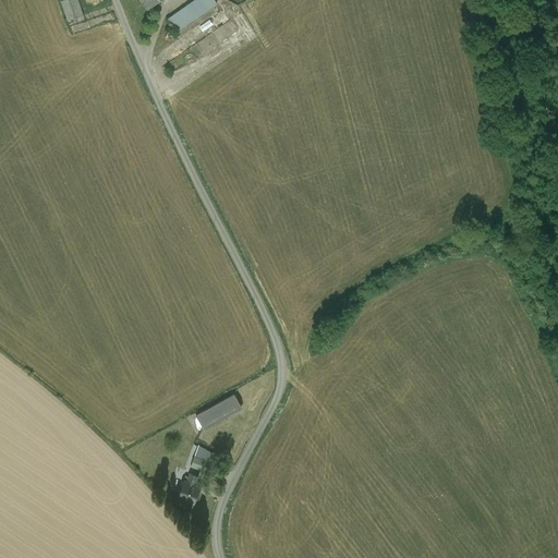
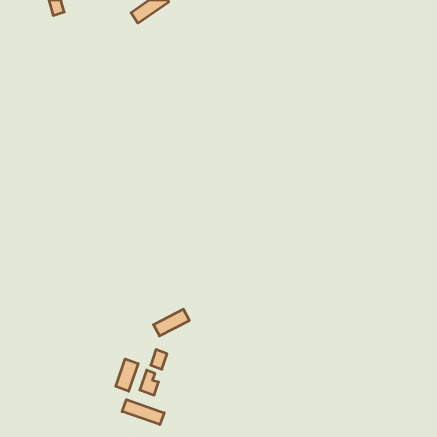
building: none -> [116,359,138,391]
building: none -> [122,400,164,425]

